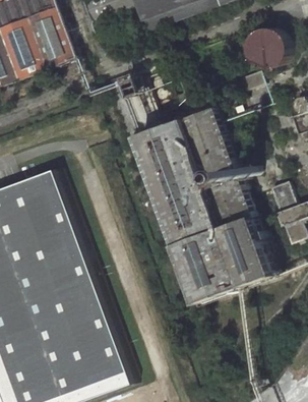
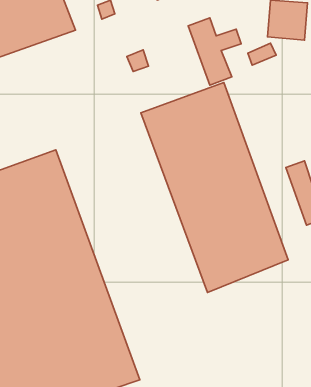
building: none -> [188,18,241,85]

